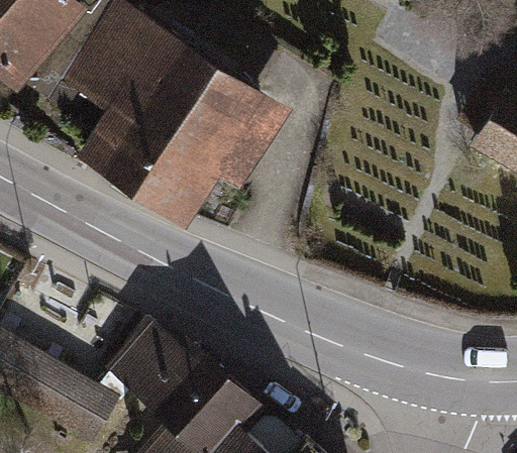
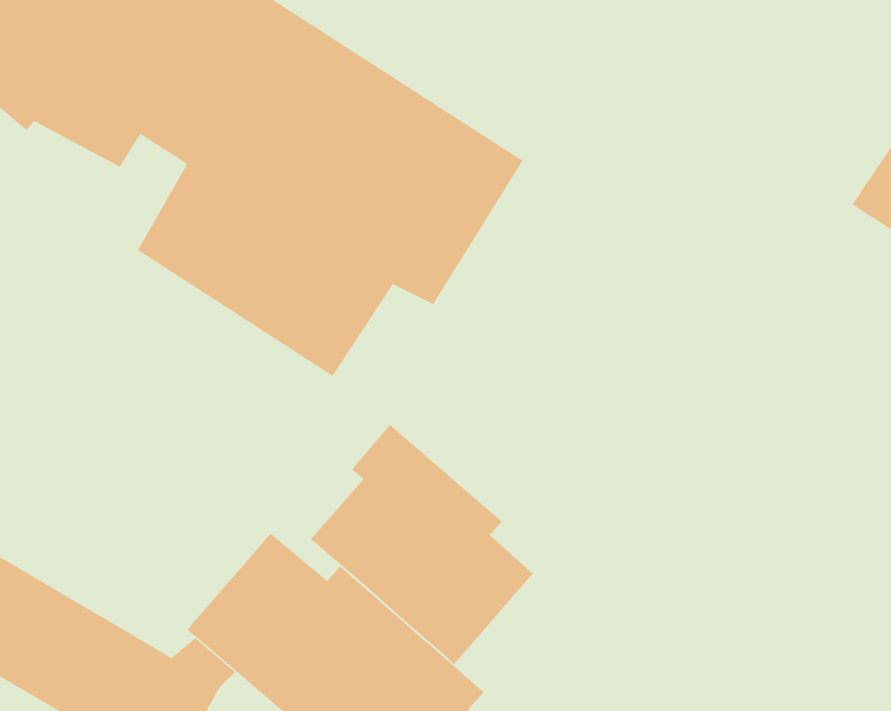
building: none -> [310,424,534,665]

